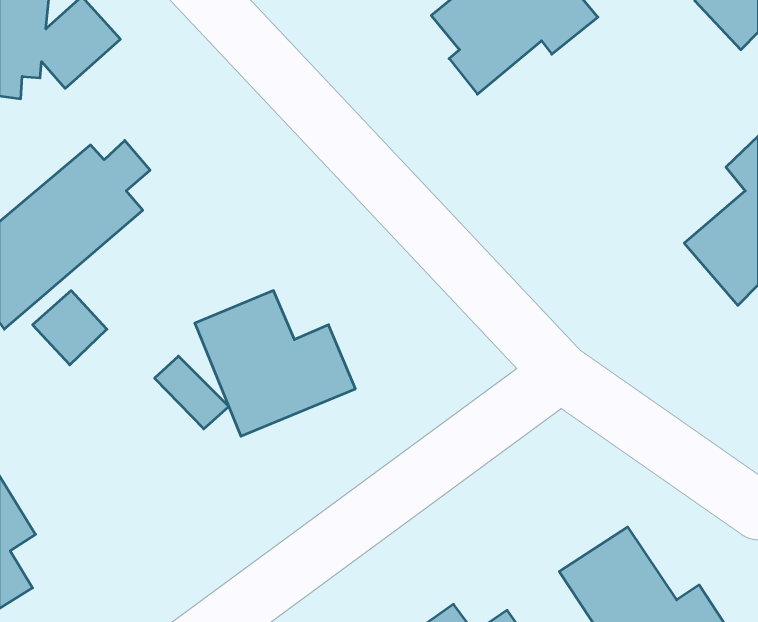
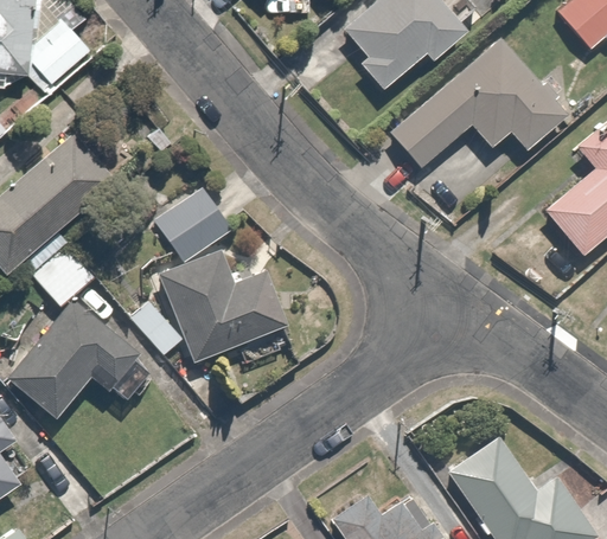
building: none -> [390,36,573,169]
building: none -> [154,187,229,259]
building: none -> [9,301,149,418]

